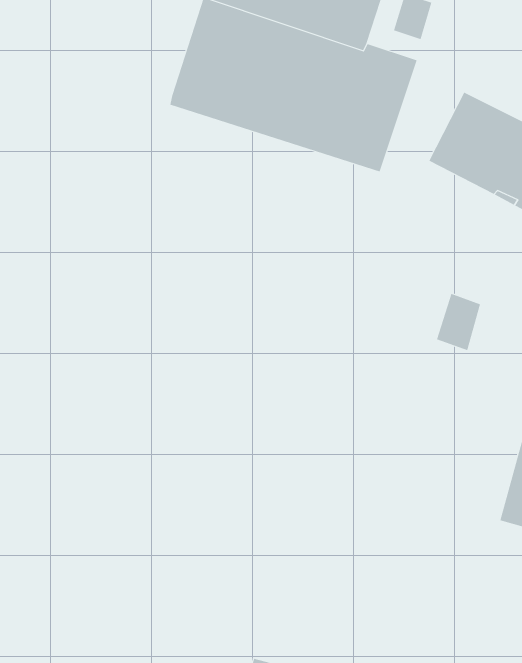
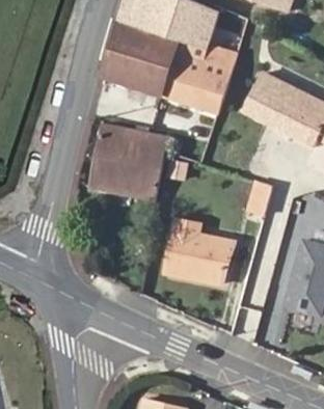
building: none -> [86,122,167,202]
building: none -> [167,218,231,287]

